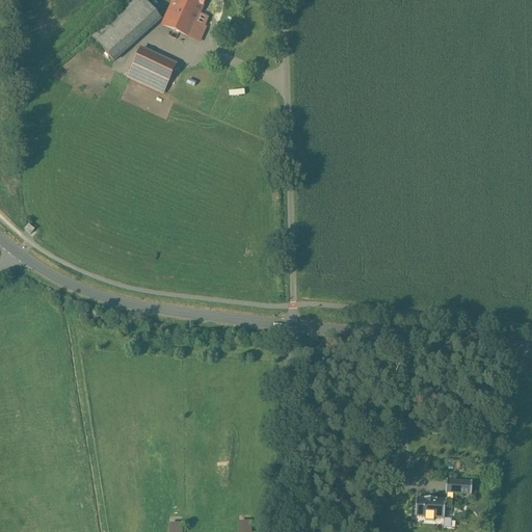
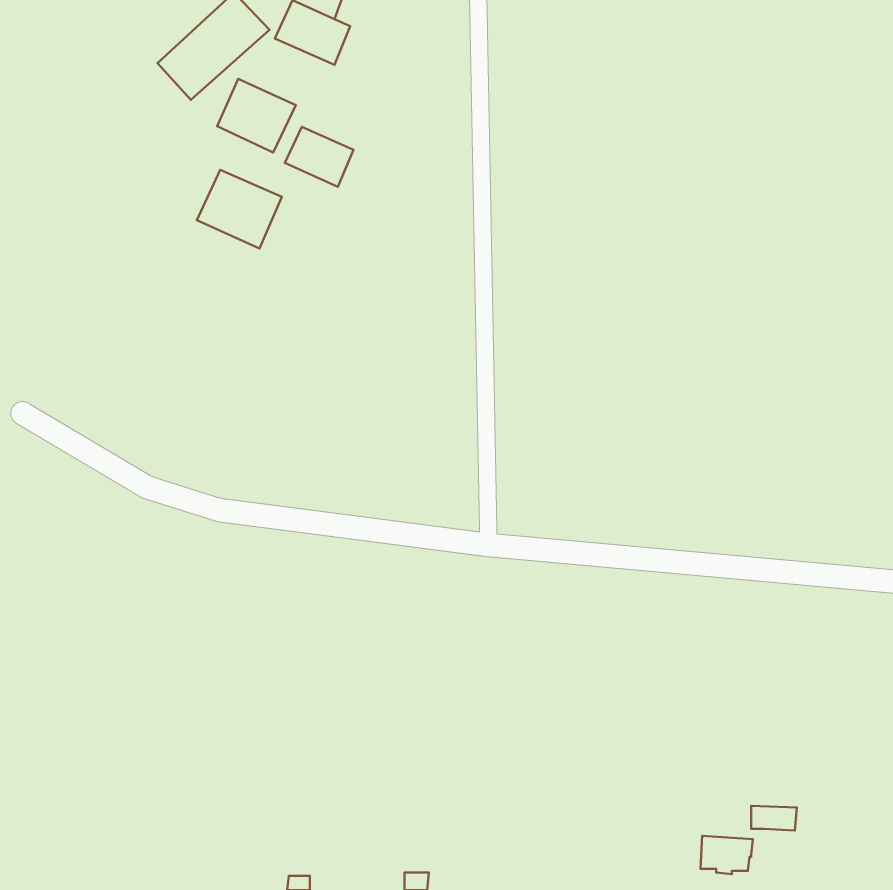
building: none -> [285,127,354,187]
building: none -> [197,170,282,249]

